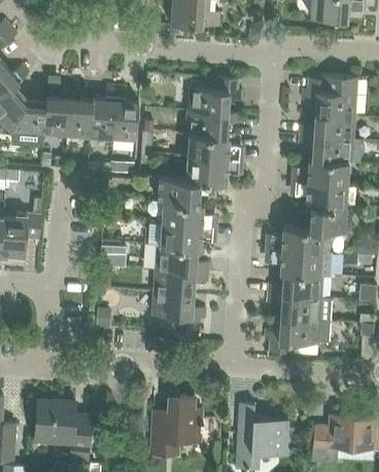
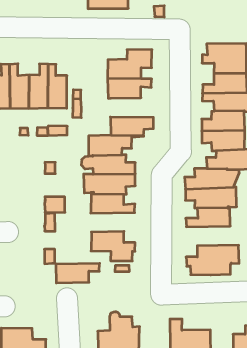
building: [186,134,239,160] -> none
building: [153,269,207,294] -> [56,263,100,283]
building: [267,294,331,321] -> none

